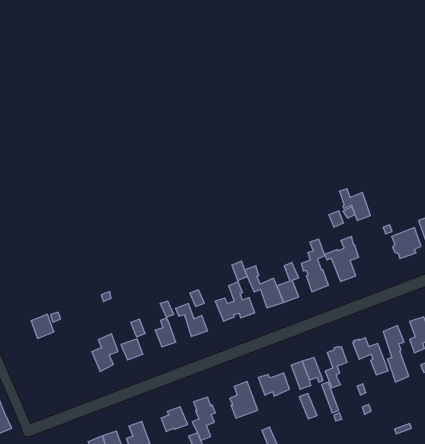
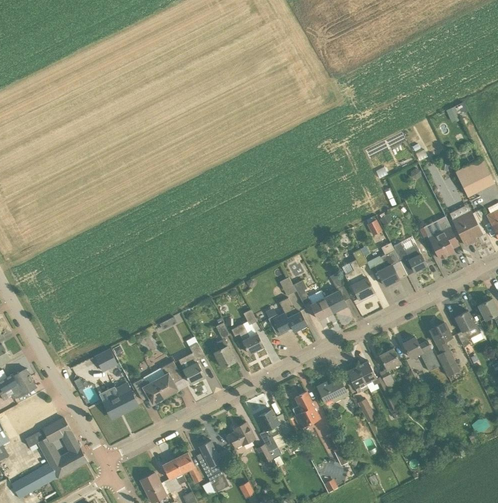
building: [339,189,370,220] -> [393,242,425,271]
building: none -> [132,377,165,404]
building: none -> [102,389,137,416]

